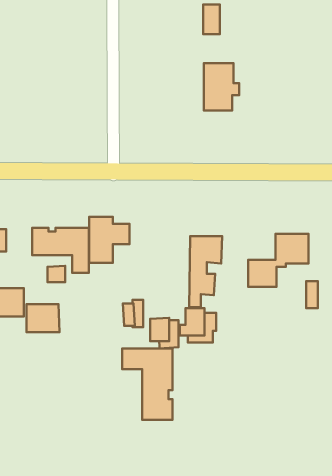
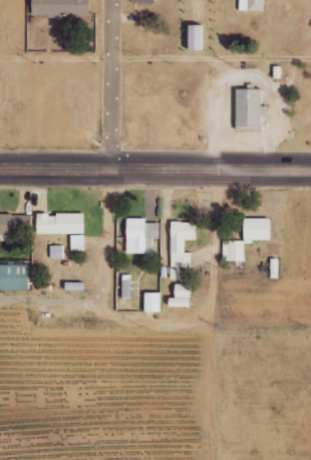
building: [204,63,239,110] -> [236,88,266,129]
building: [89,217,129,263] -> [125,217,160,256]
building: [26,304,59,332] -> none
building: [122,348,173,420] -> none

